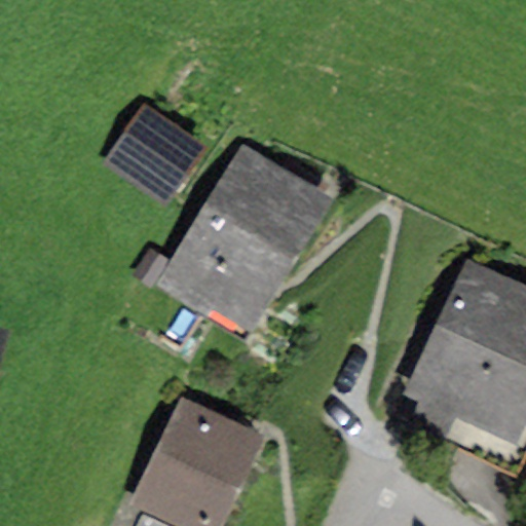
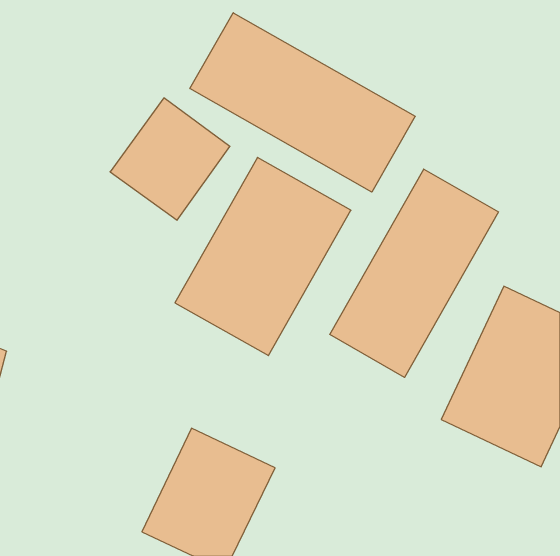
building: none -> [190,13,415,192]
building: none -> [330,169,498,377]

